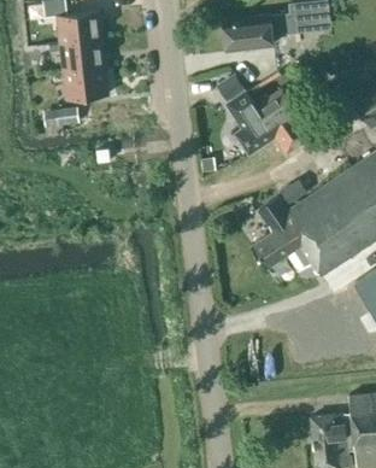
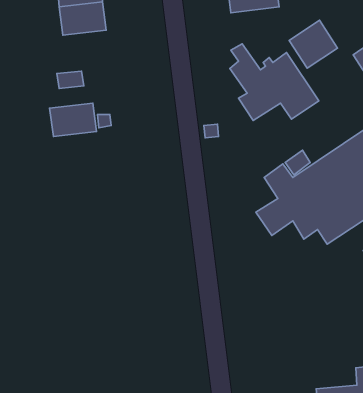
building: none -> [289,20,338,68]
building: [63,68,108,100] -> [50,103,97,137]

